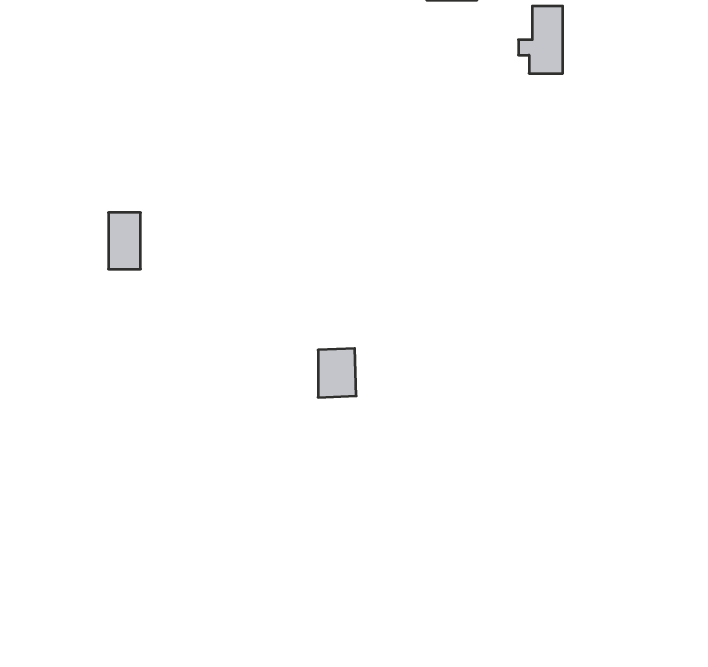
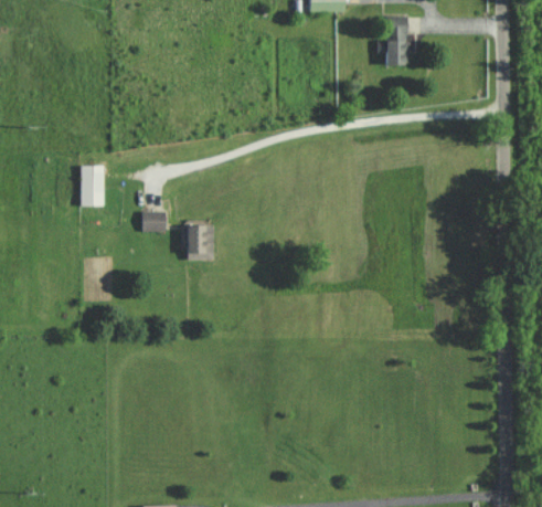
building: none -> [141,211,166,232]
building: [318,348,356,397] -> [187,225,214,261]

